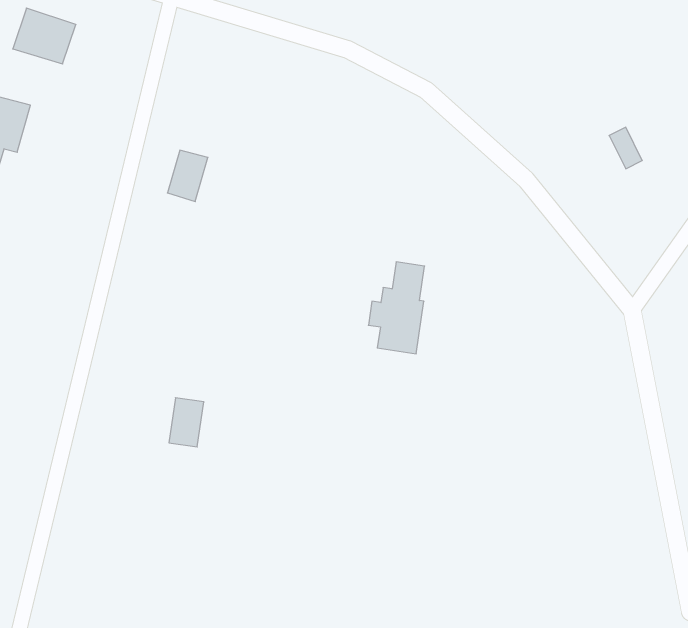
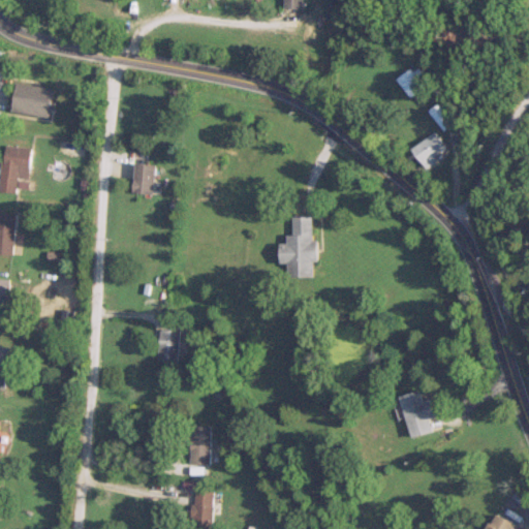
building: none -> [394,67,427,99]
building: none -> [407,133,442,167]
building: none -> [395,392,433,439]
building: none -> [188,427,209,465]

